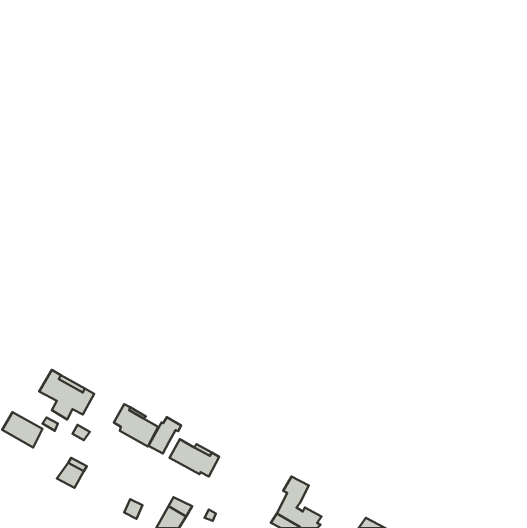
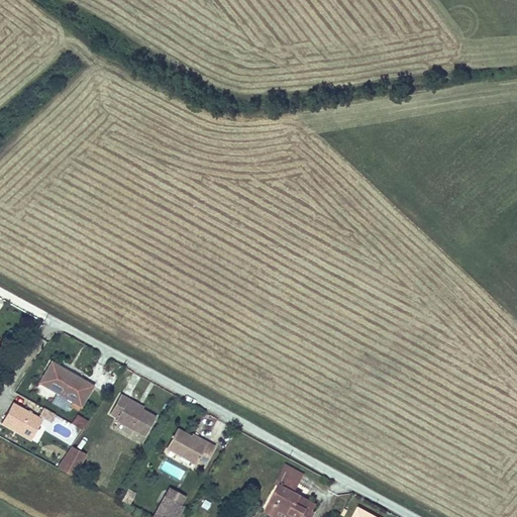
building: [149,417,181,453] -> none

